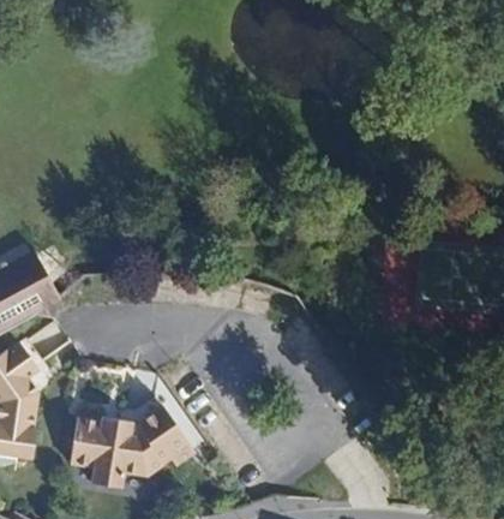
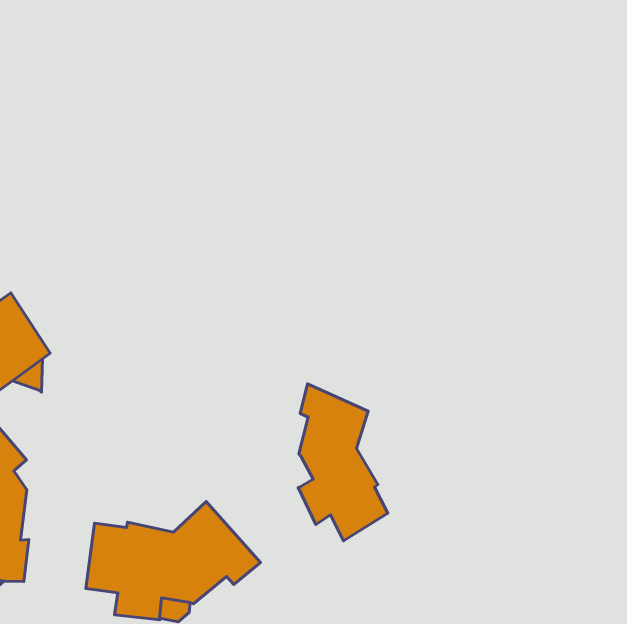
building: none -> [298,384,388,541]

